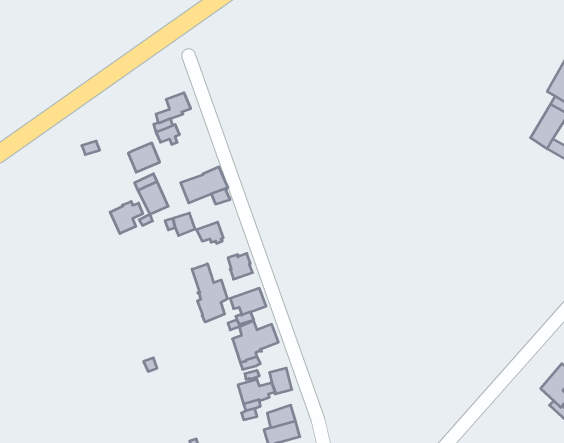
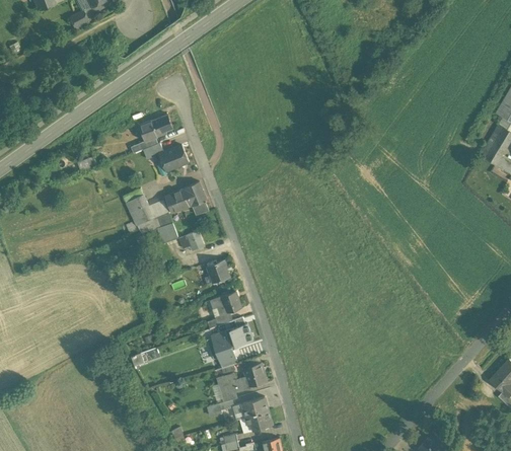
building: [128,143,160,172] -> [159,145,188,171]
building: [110,201,143,234] -> none
building: [192,264,228,322] -> none

